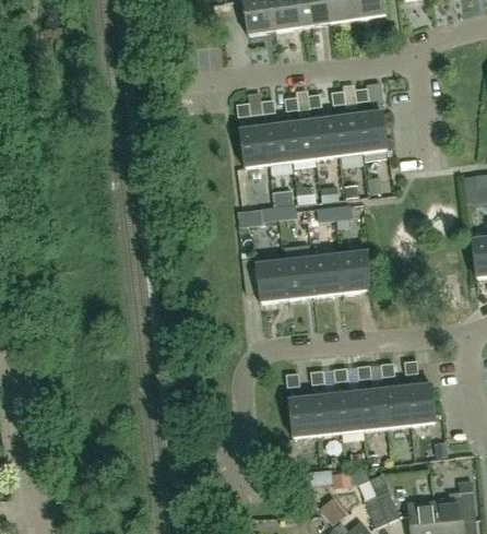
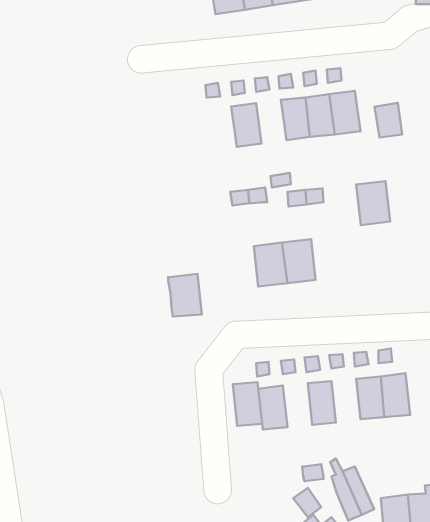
building: [286,118,316,161] -> none
building: none -> [374,103,402,137]
building: [238,124,268,167] -> none
building: [340,250,372,293] -> [356,181,390,225]
building: [256,260,288,301] -> [168,274,202,317]
building: [359,389,388,431] -> none
building: [312,393,341,436] -> [233,382,262,426]

